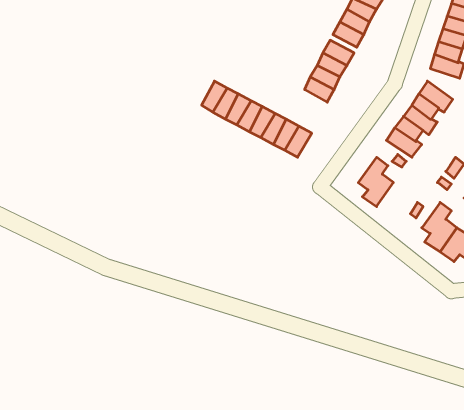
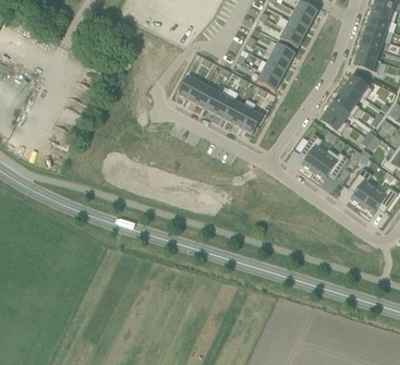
building: none -> [313,147,349,179]

